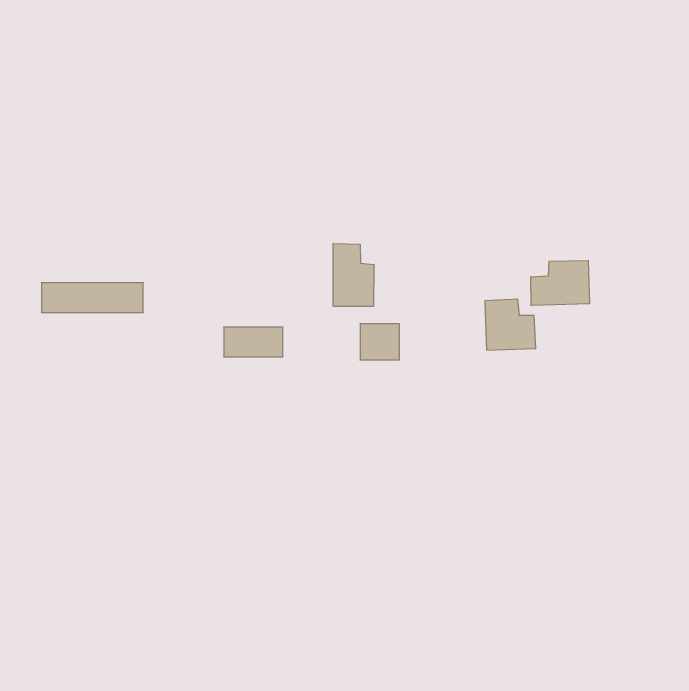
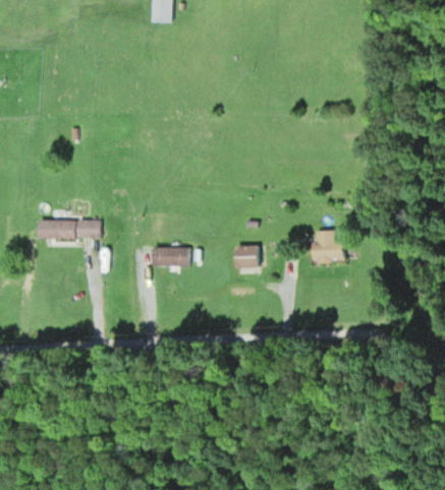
building: [333,243,374,306] -> none
building: [531,260,590,306] -> none

